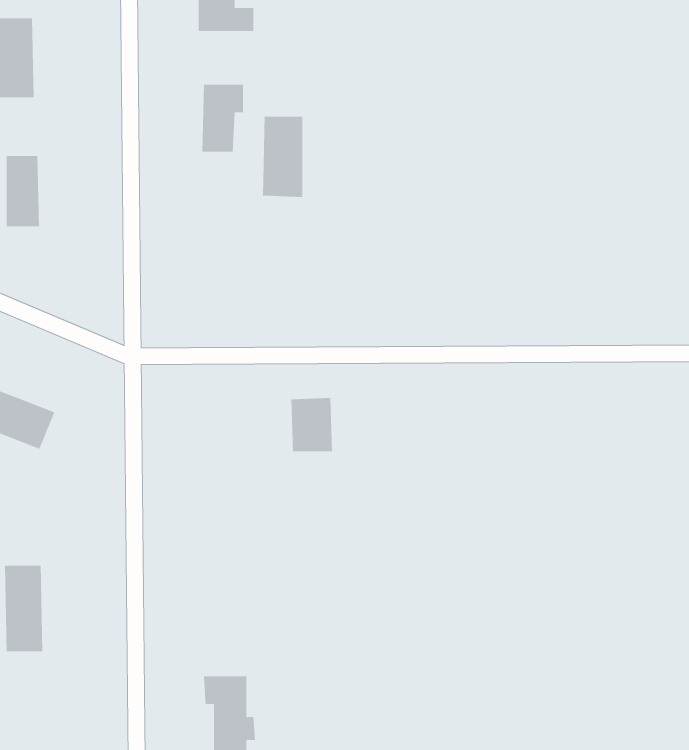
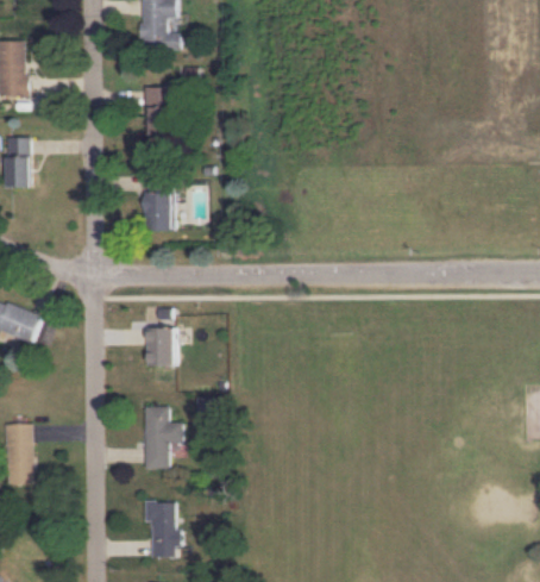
building: [262,116,303,198] -> [143,174,171,231]
building: [290,397,333,452] -> [145,327,175,365]
building: none -> [143,406,182,468]

